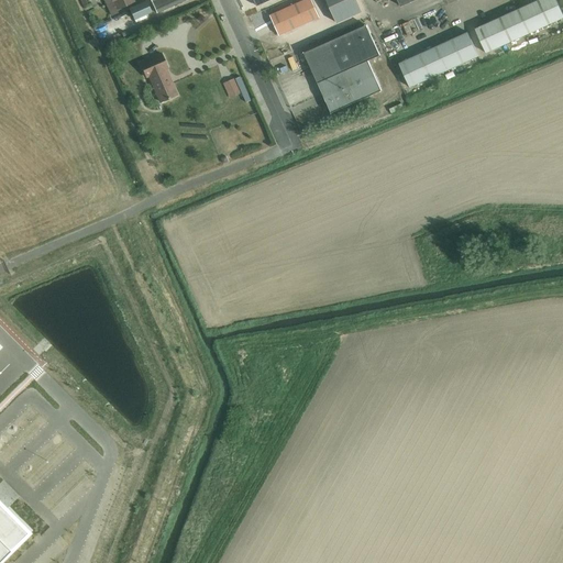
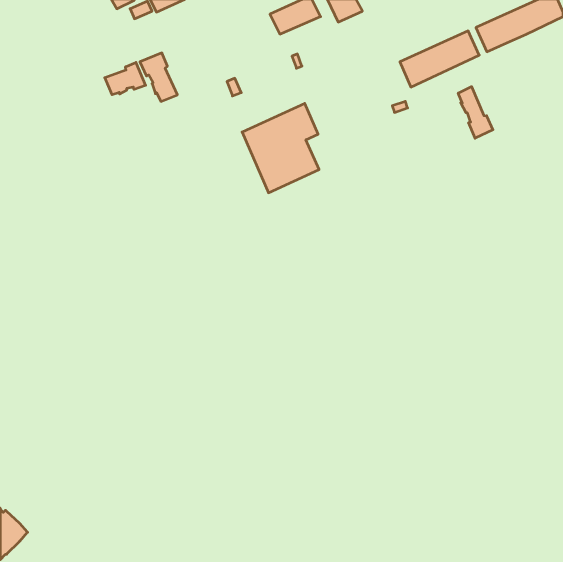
building: [305,23,382,112] -> [242,103,319,193]
building: none -> [105,62,146,95]
building: none -> [458,87,493,138]

